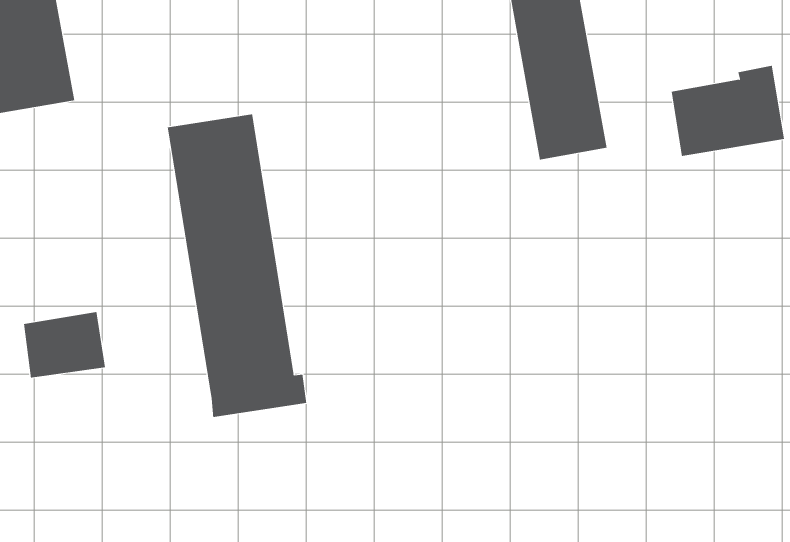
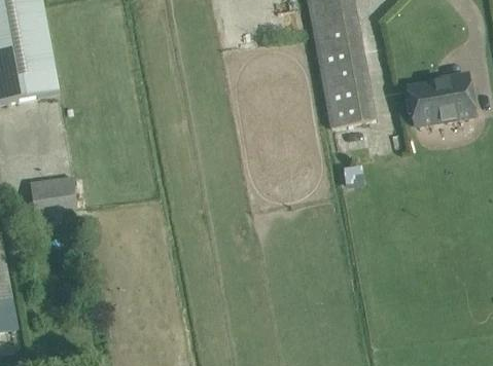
building: [167,113,307,418] -> none
building: [23,311,106,378] -> [30,174,78,213]

